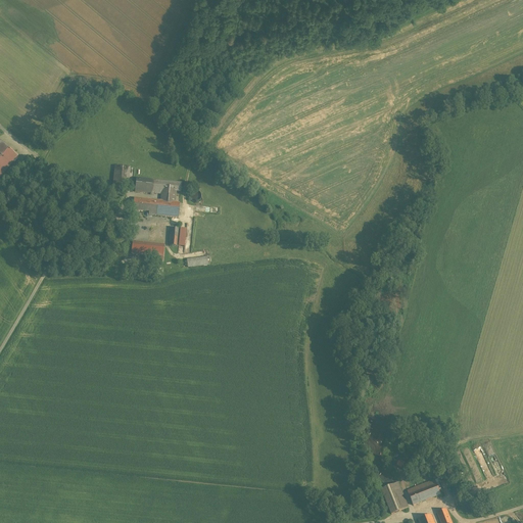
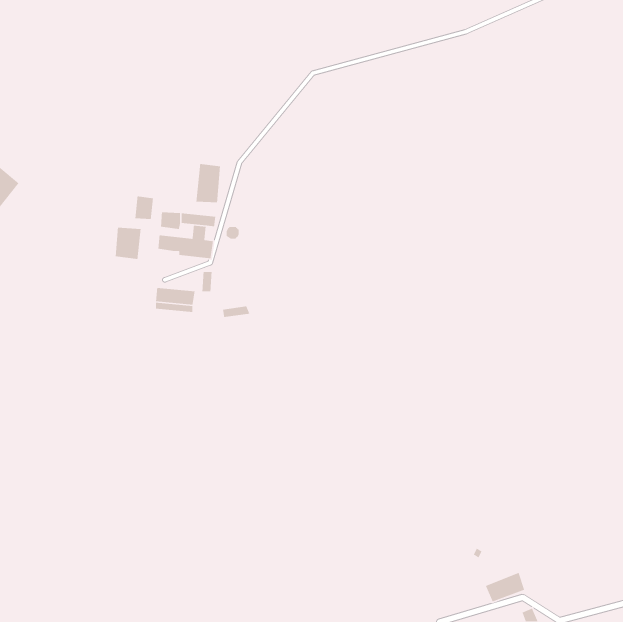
building: none -> [196,163,221,203]
building: none -> [115,227,141,260]
building: [381,481,408,513] -> none

